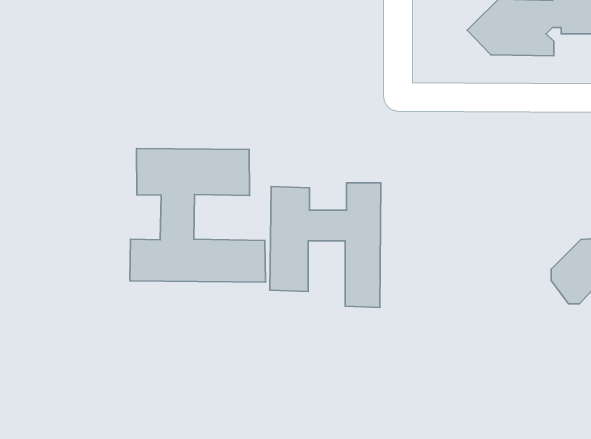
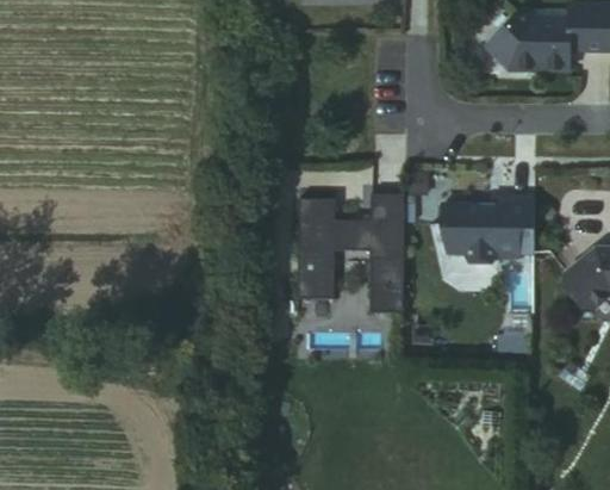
building: [130,149,265,282] -> none
building: none -> [442,198,535,265]

